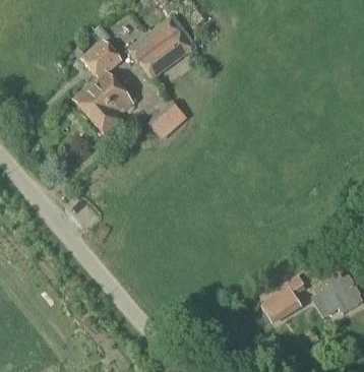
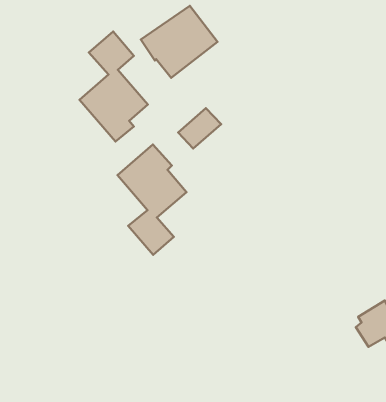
building: none -> [117,144,187,255]
building: [261,272,306,323] -> none

